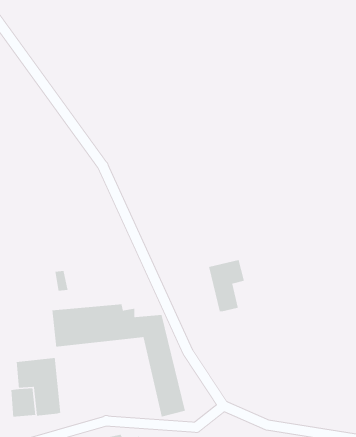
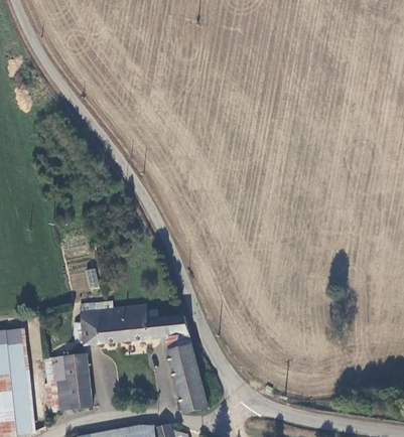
building: [208,259,245,312] -> none

